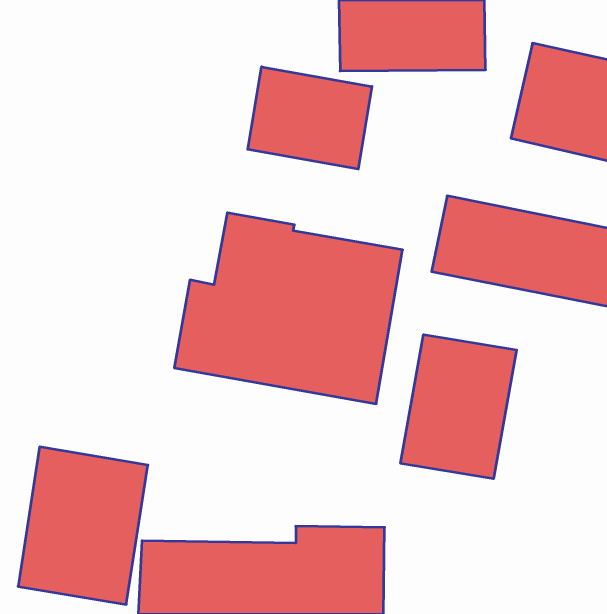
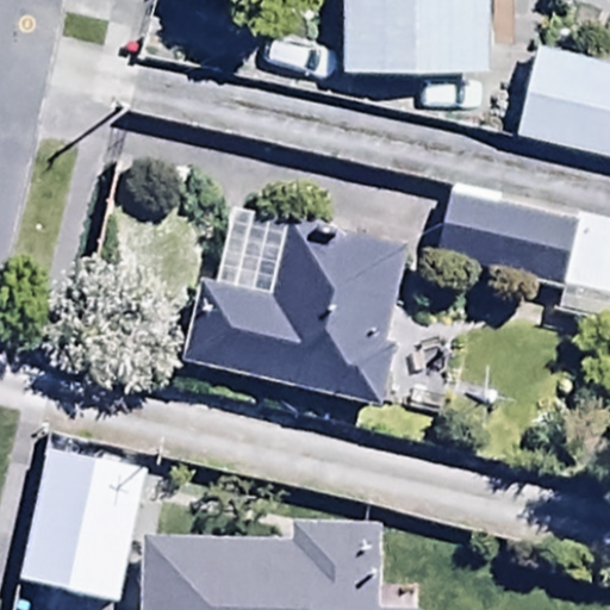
building: [248,67,372,169] -> none
building: [401,335,517,479] -> none

